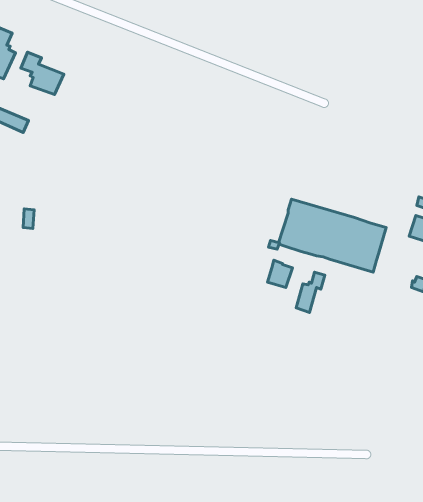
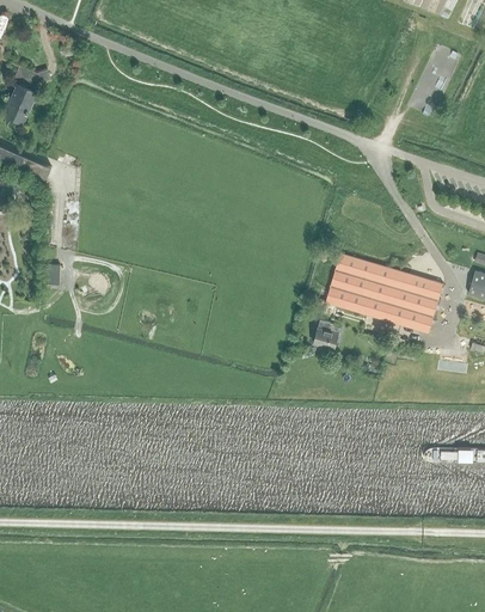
building: [21,52,64,95] -> none
building: [296,272,325,312] -> none

